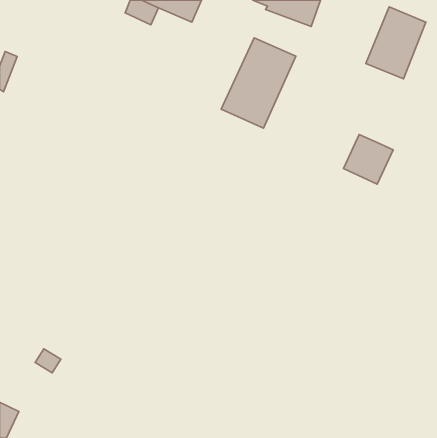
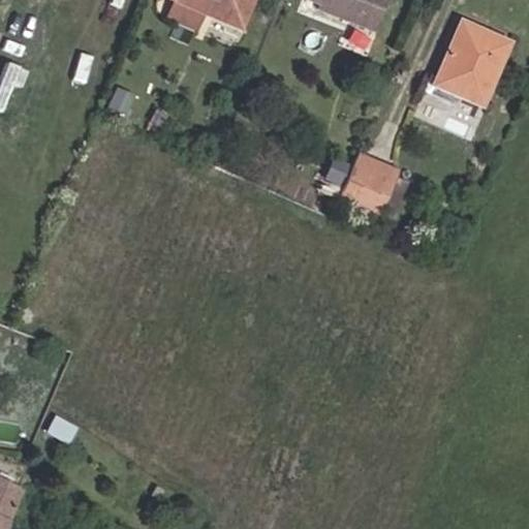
building: [221,38,296,128] -> none
building: [344,134,393,184] -> [342,143,402,203]

